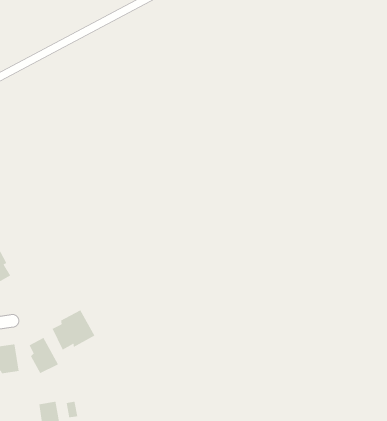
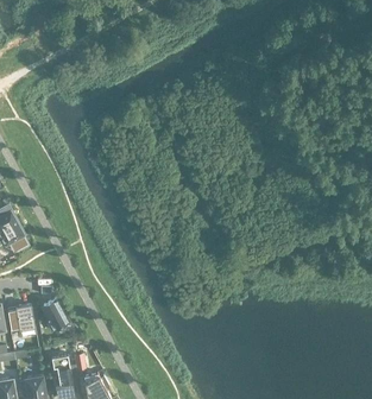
building: [52,309,95,350] -> none

